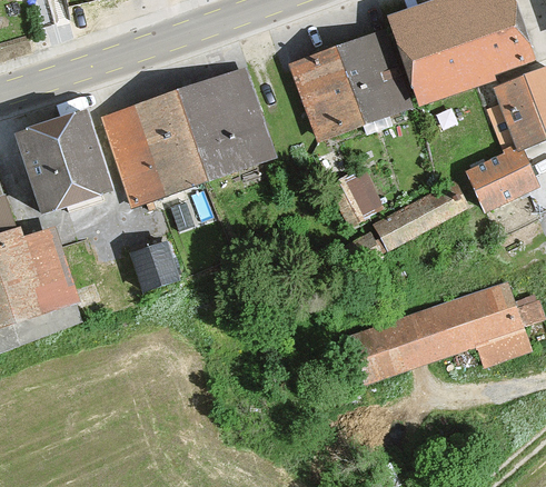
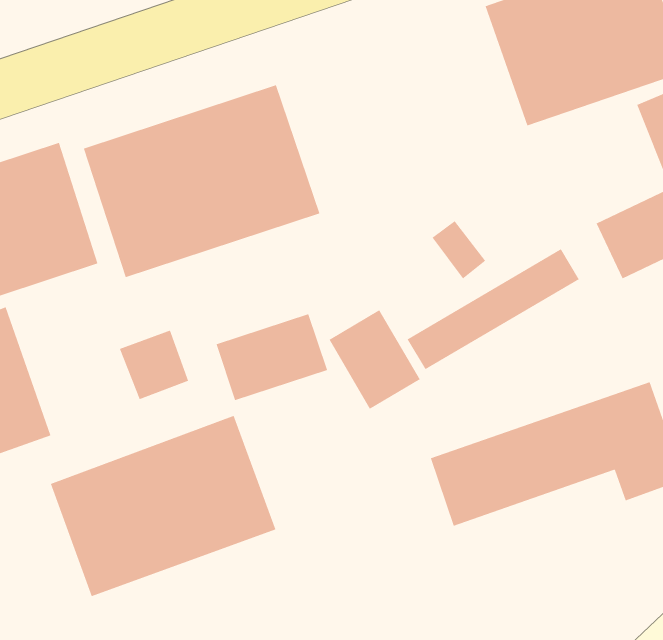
building: [290,30,417,148] -> none
building: none -> [328,309,421,410]
building: none -> [215,313,328,401]
building: none -> [50,415,276,597]

